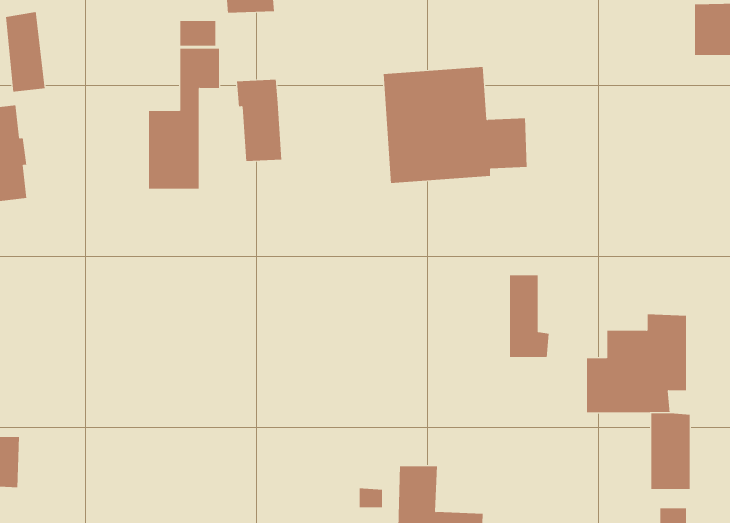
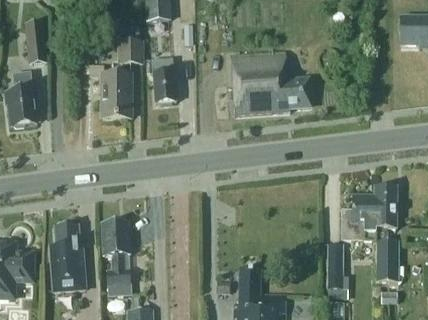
building: [509,275,549,357] -> [327,244,349,289]
building: none -> [51,222,85,291]
building: none -> [102,223,131,295]

